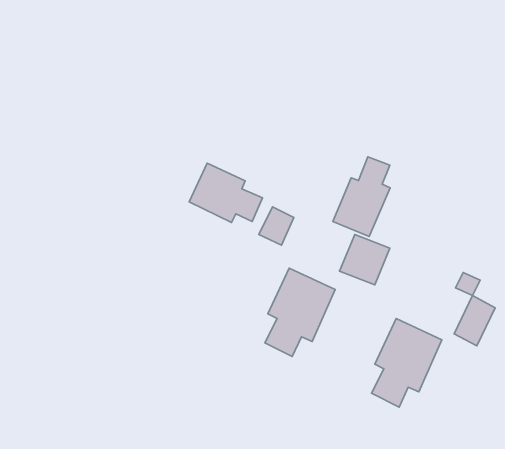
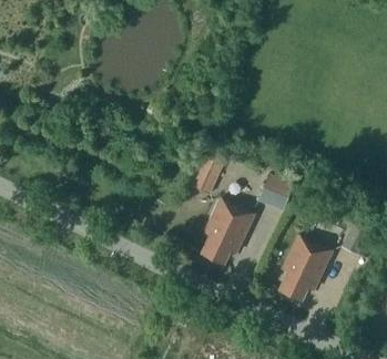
building: [333,157,390,236] -> none
building: [189,163,262,223] -> none

